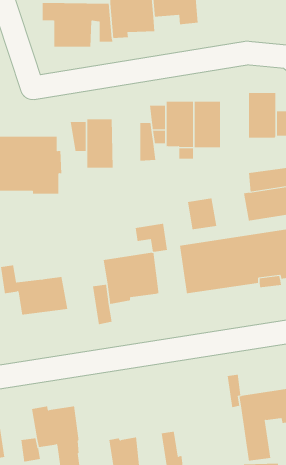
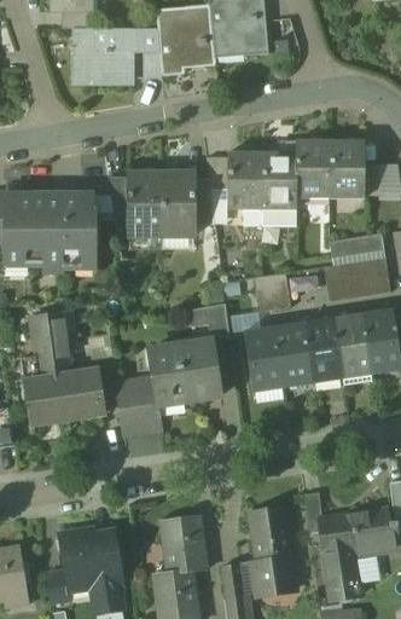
building: none -> [296,139,330,197]
building: none -> [161,172,194,235]
building: none -> [33,313,72,377]
building: none -> [116,382,143,433]
building: none -> [248,505,297,588]
building: none -> [163,516,204,574]

